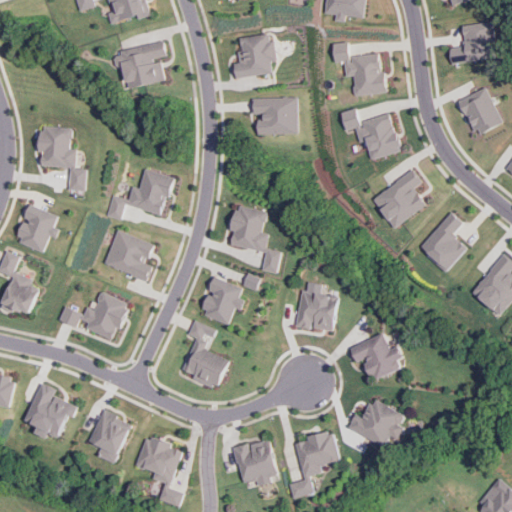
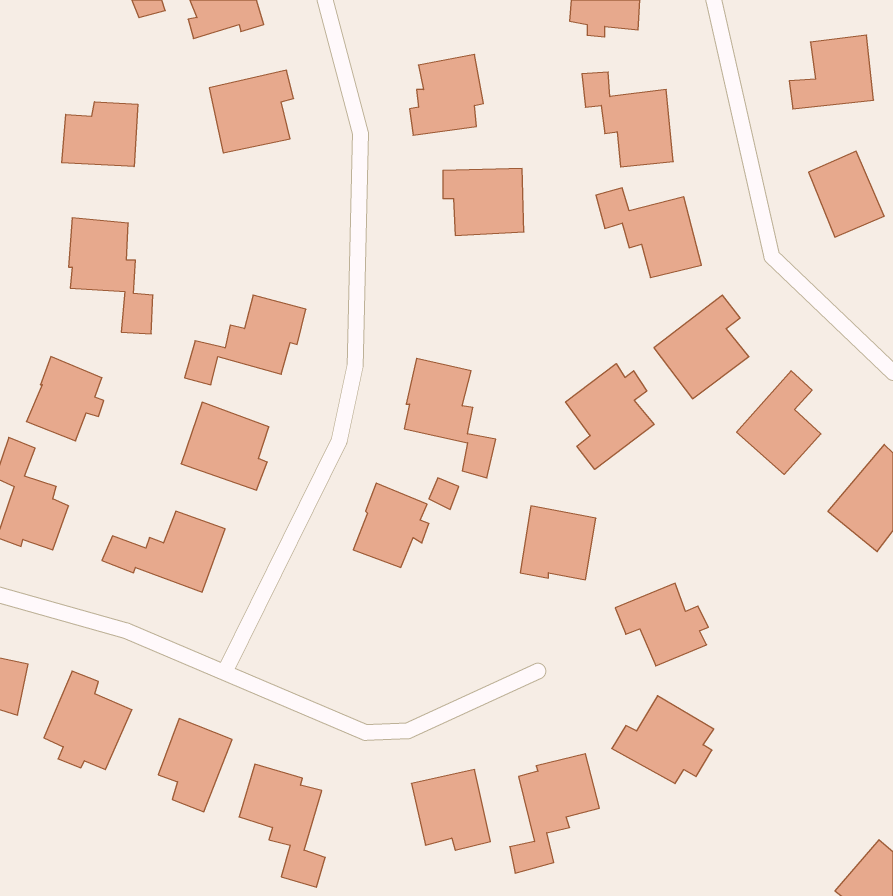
building: none -> [62,102,138,167]
building: none -> [566,364,654,469]
building: [181,320,229,389] -> none

